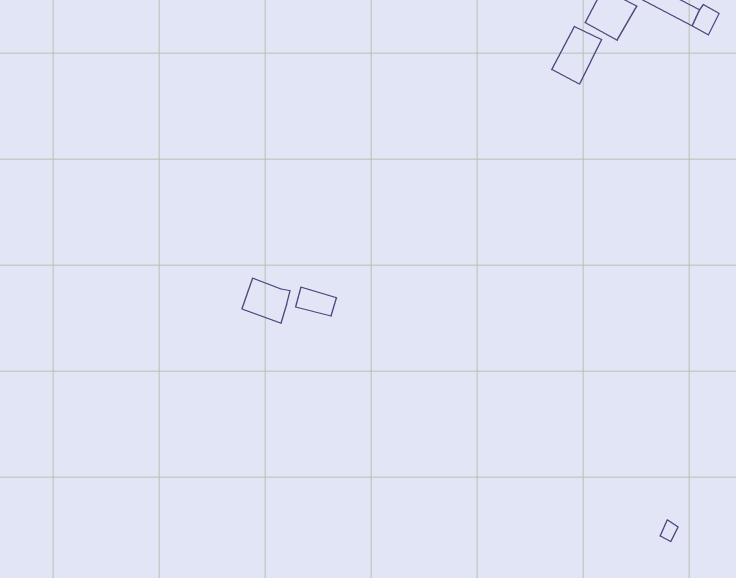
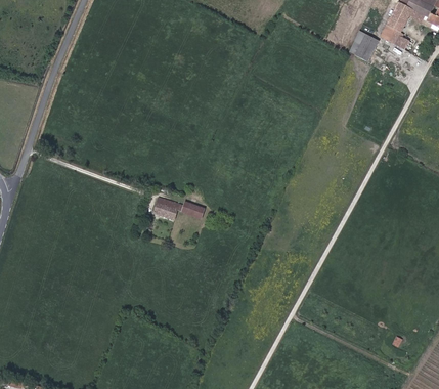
building: [552,26,601,84] -> none

